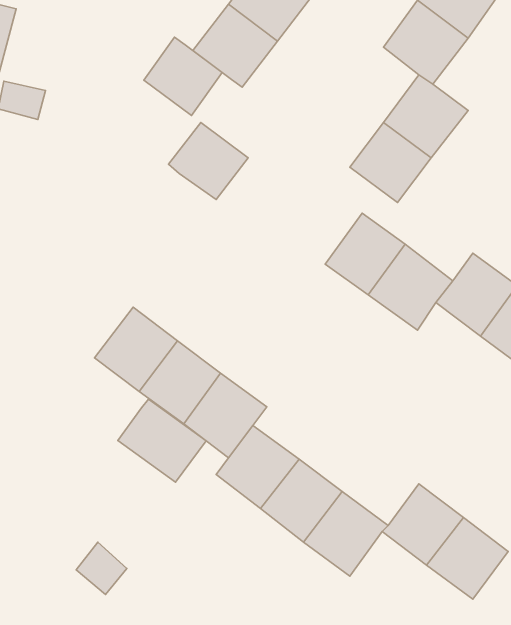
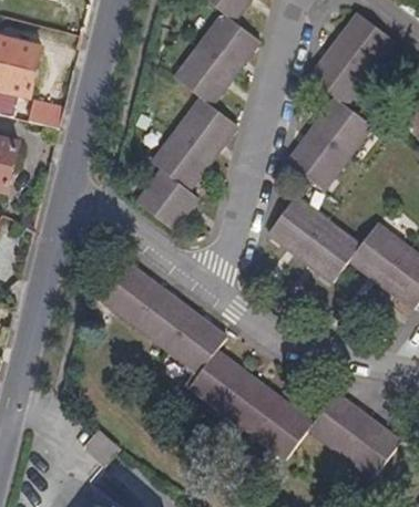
building: [144,37,222,116] -> [177,100,234,156]
building: none -> [136,167,200,228]
building: [118,399,206,482] -> none

